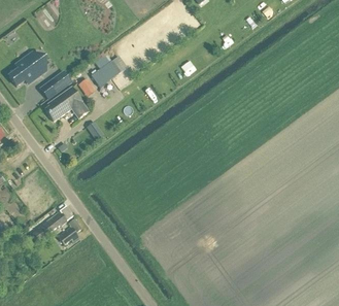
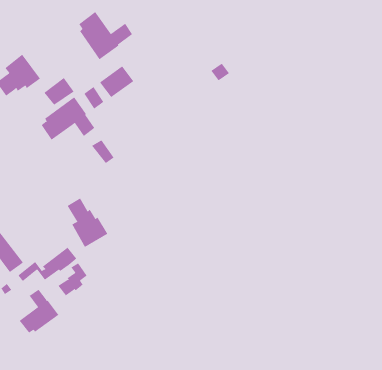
building: none -> [78,11,133,60]
building: none -> [67,198,108,248]
building: none -> [19,289,59,334]

